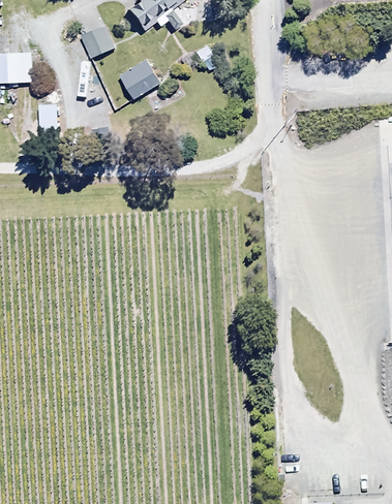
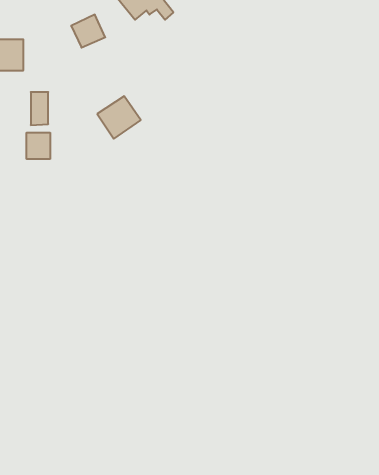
building: [118,58,161,100] -> [97,96,141,139]
building: none -> [27,133,50,159]

